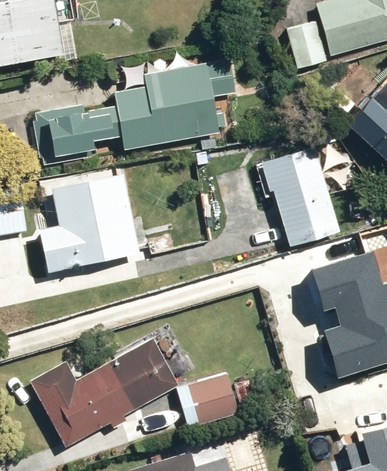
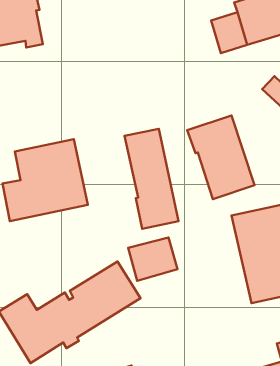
building: [41,60,233,158] -> none
building: none -> [124,129,178,229]
building: [177,375,237,428] -> [128,237,178,281]

